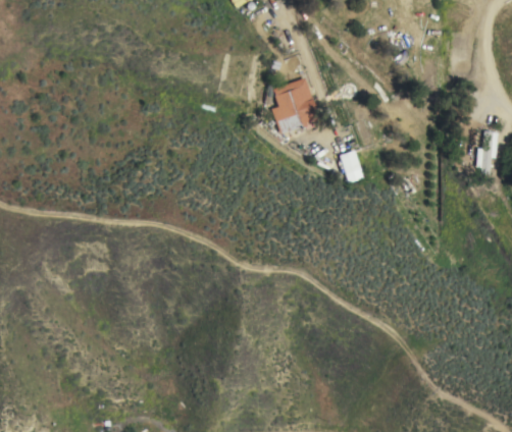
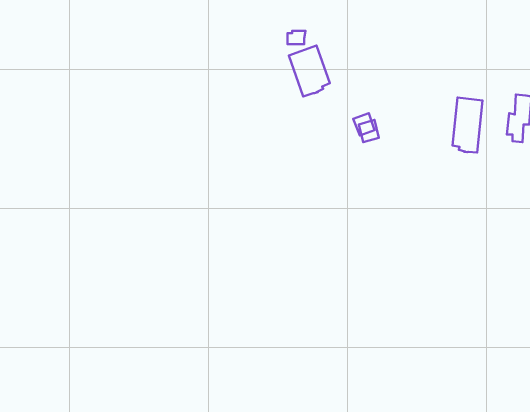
building: none -> [452,98,482,153]

